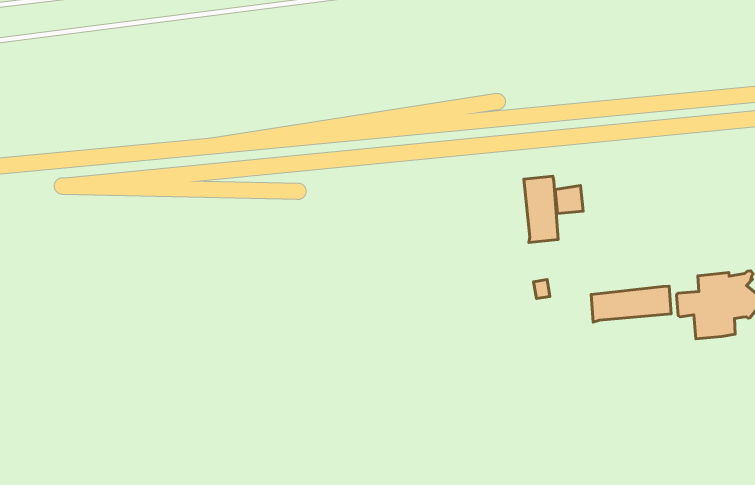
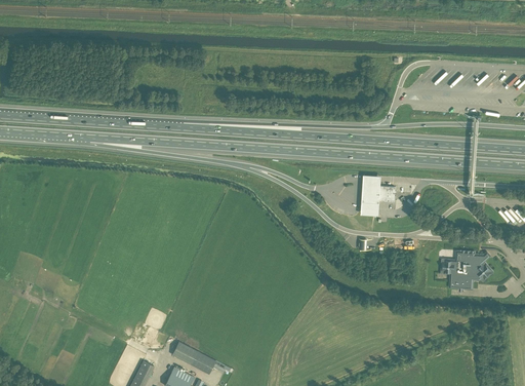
building: [591,286,671,322] -> none

